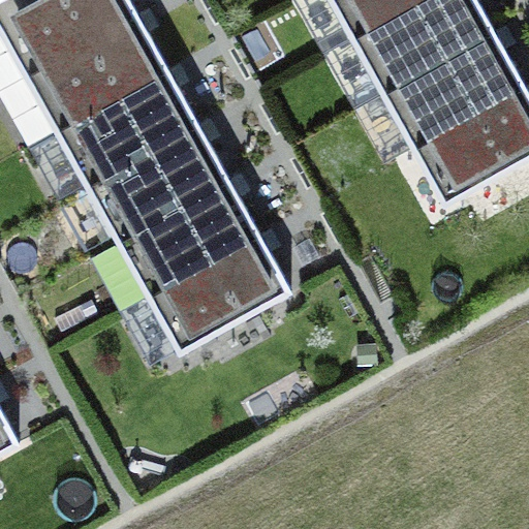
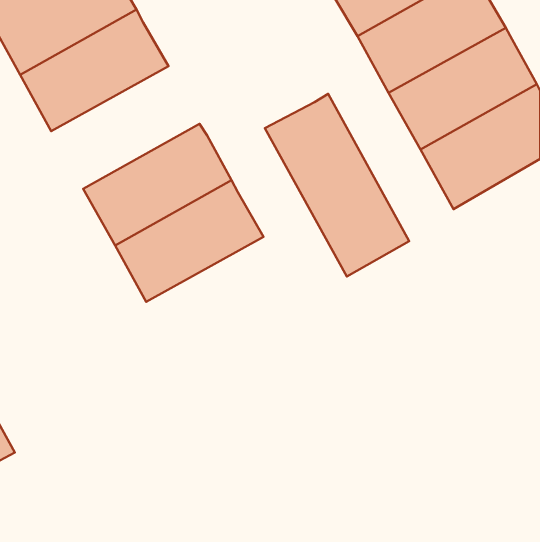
building: [50,64,193,183] -> none
building: none -> [265,94,409,276]
building: [142,229,286,349] -> none

